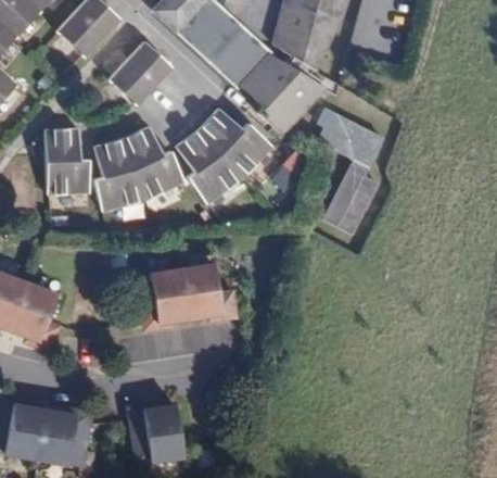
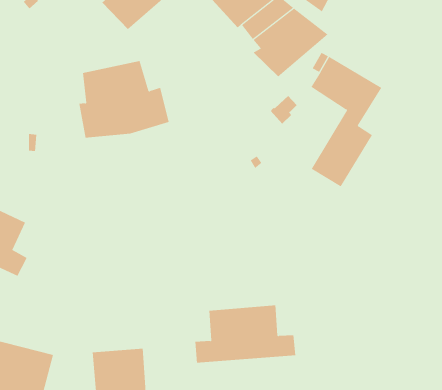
building: [179,111,273,200] -> none
building: [47,126,89,190] -> none
building: [139,262,237,324] -> [194,305,296,363]

